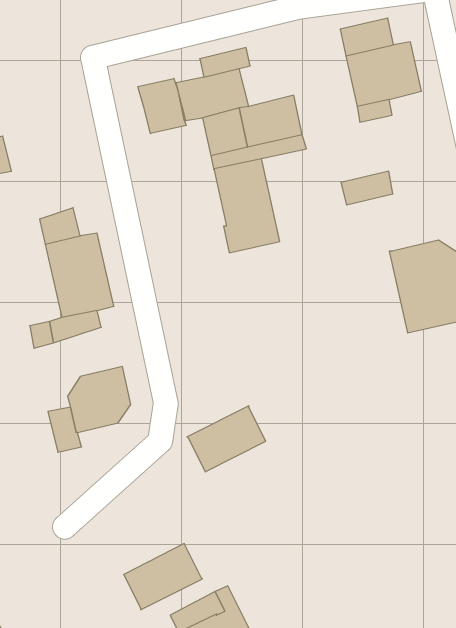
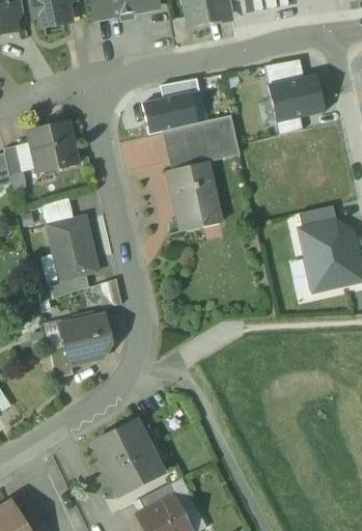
building: [138,78,186,134] -> none
building: none -> [28,122,77,171]
building: [341,171,393,205] -> [299,205,337,230]
building: [187,406,266,472] -> [91,420,149,469]

